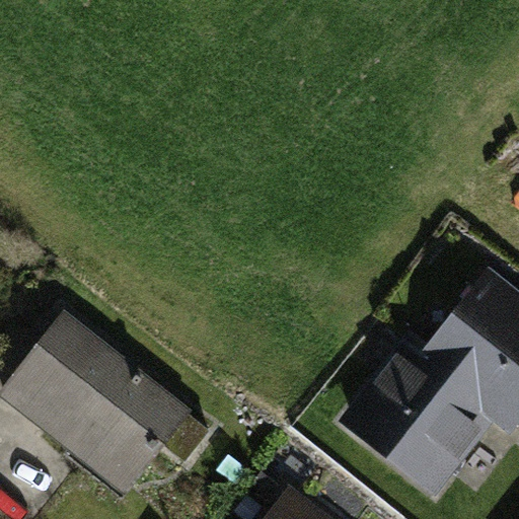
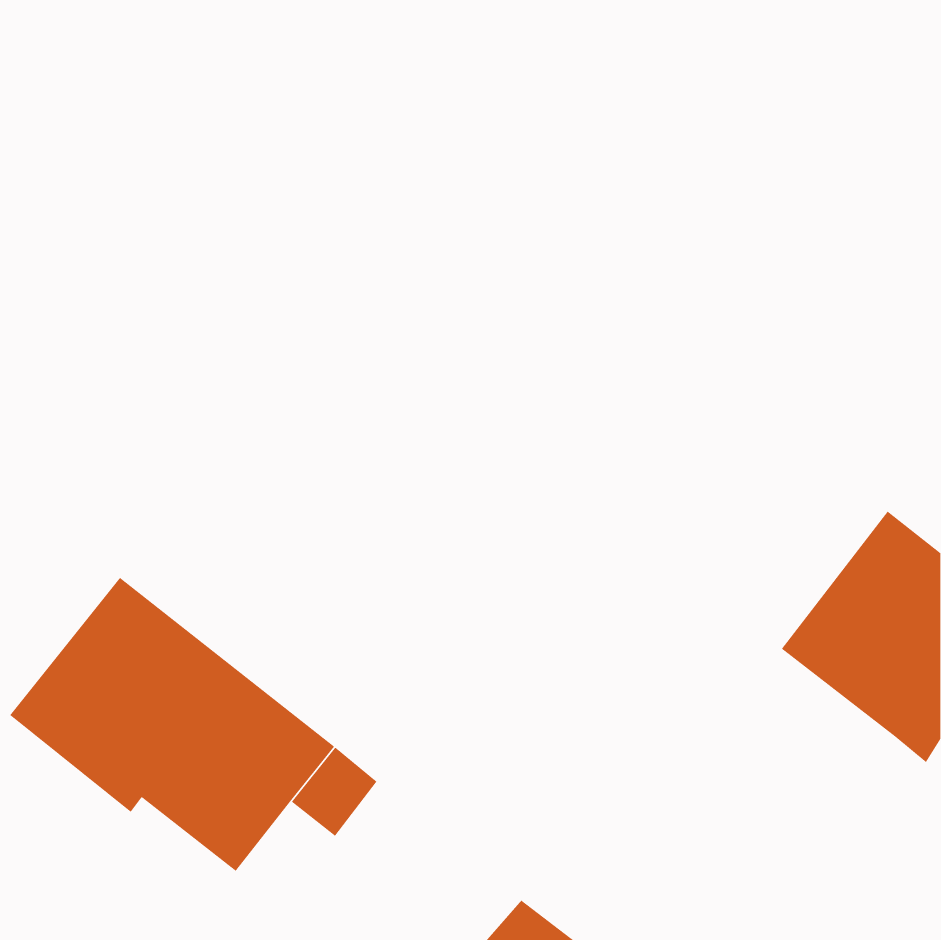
building: [353,344,493,483] -> none

